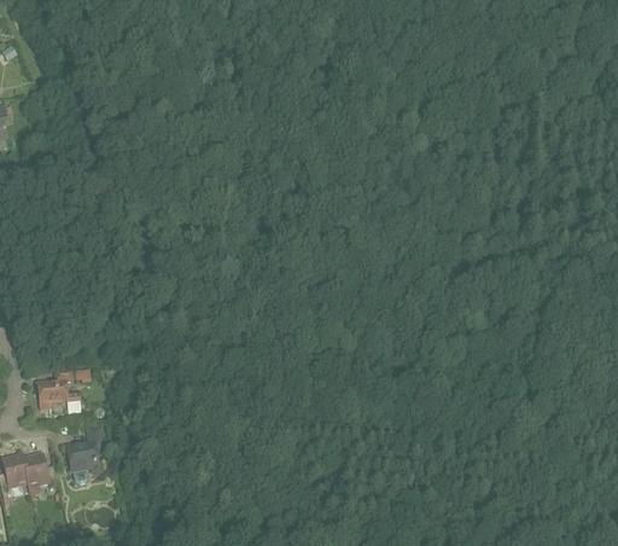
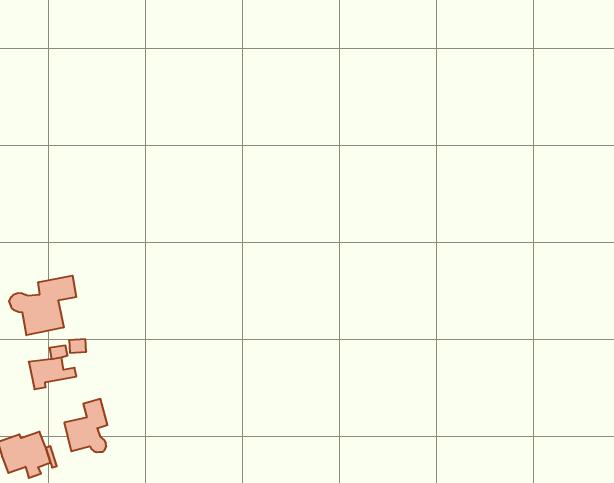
building: none -> [9,276,76,335]

